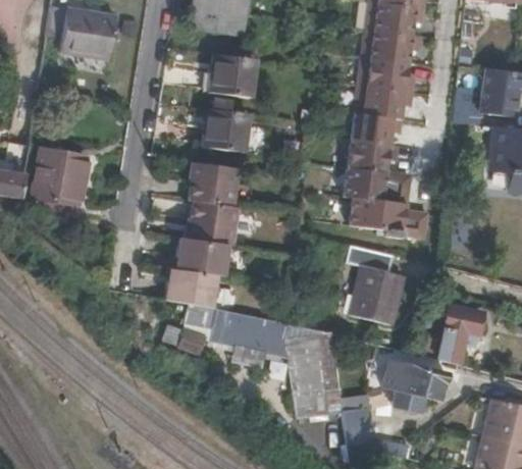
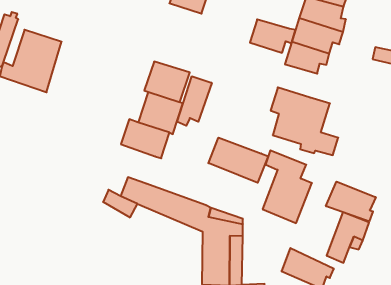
building: [196,105,242,150] -> none
building: [348,142,399,176] -> [250,19,295,53]
building: none -> [177,76,212,126]
building: none -> [208,138,268,183]
building: [165,266,217,308] -> none
building: none -> [326,182,376,221]

